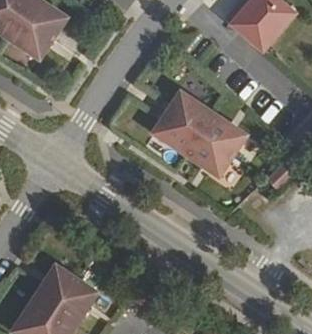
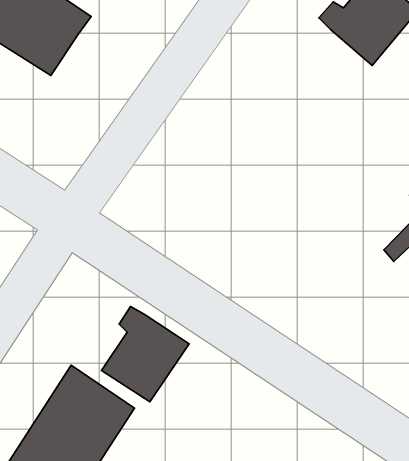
building: [154,92,247,178] -> none
building: none -> [101,306,189,402]

